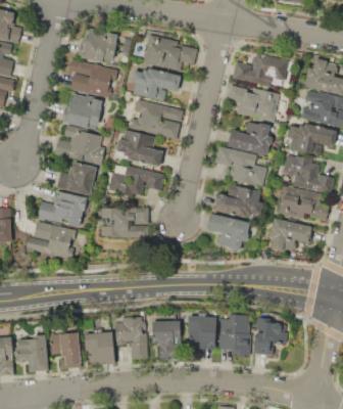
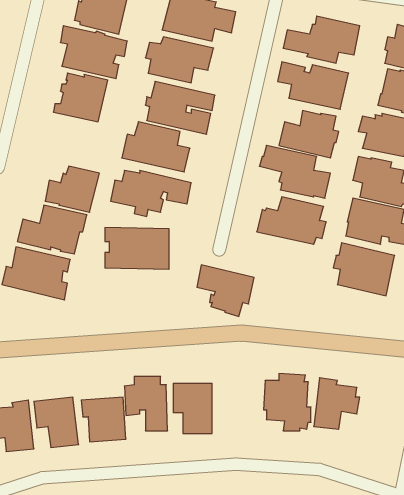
building: [54,124,105,166] -> none
building: [208,213,250,251] -> [197,265,254,316]
building: [187,314,216,349] -> none

